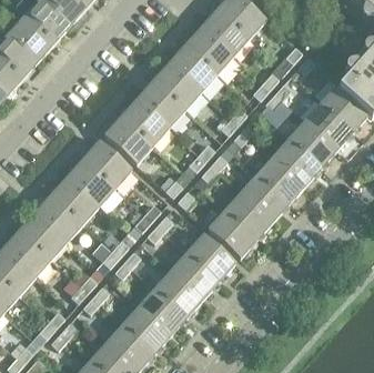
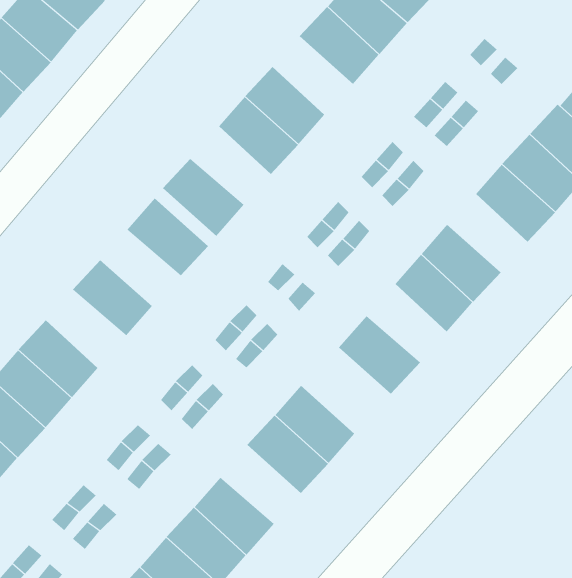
building: [169,46,216,92] -> none
building: [120,99,168,145] -> none
building: [272,139,320,185] -> none
building: [67,160,114,205] -> none
building: [224,192,272,239] -> none
building: [34,195,82,242] -> none
building: [185,234,234,281] -> none
building: [138,288,185,334] -> none

